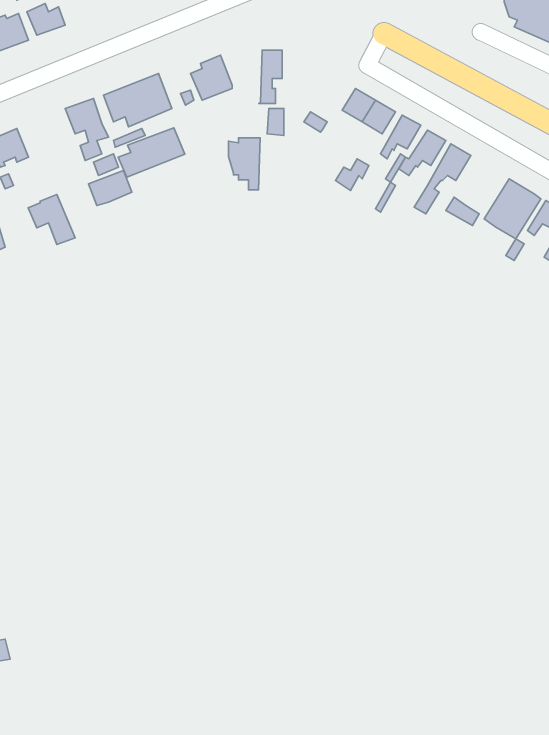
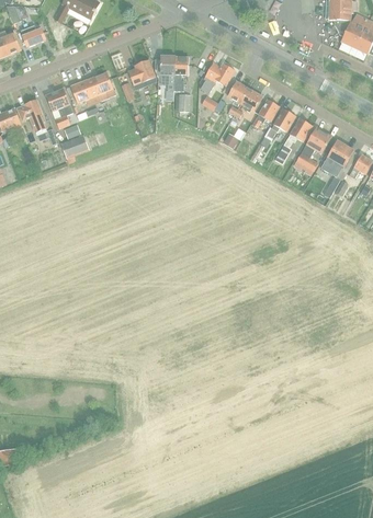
building: none -> [200,62,234,93]
building: [118,128,185,177] -> none
building: [228,138,260,190] -> [154,56,174,90]
building: none -> [301,127,330,158]
building: [28,195,75,245] -> [16,99,47,131]

